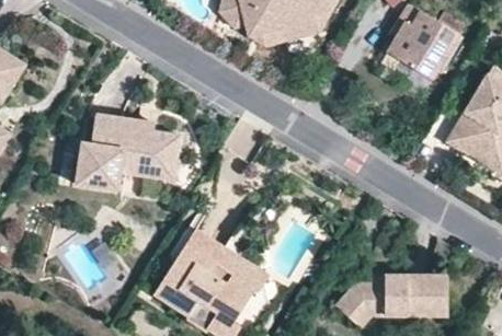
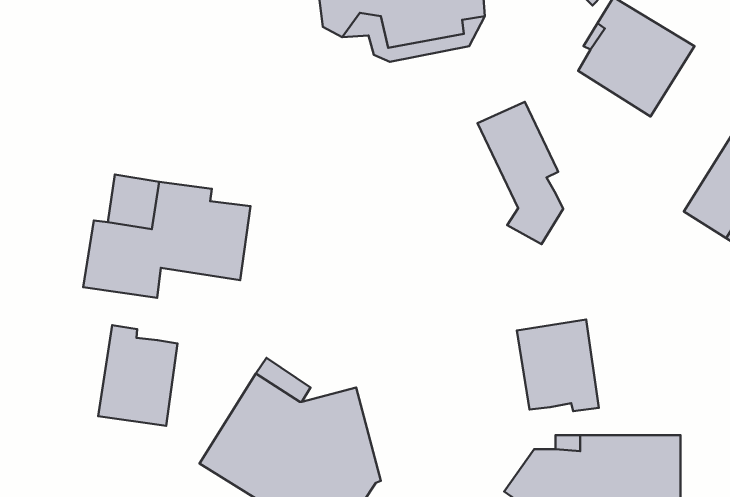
building: none -> [478,102,563,244]
building: none -> [517,320,599,411]
building: none -> [98,325,177,426]

